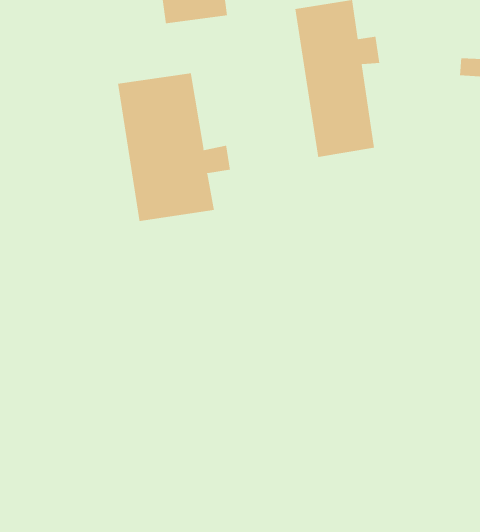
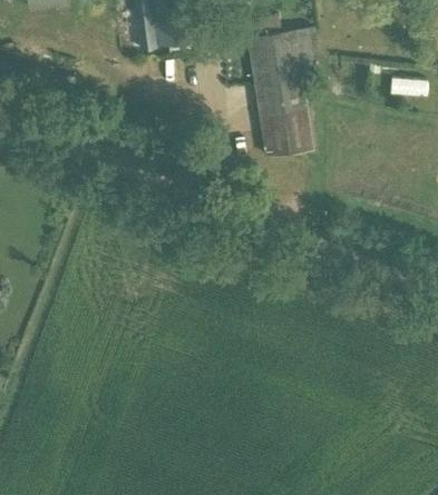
building: [117,72,231,222] -> none

